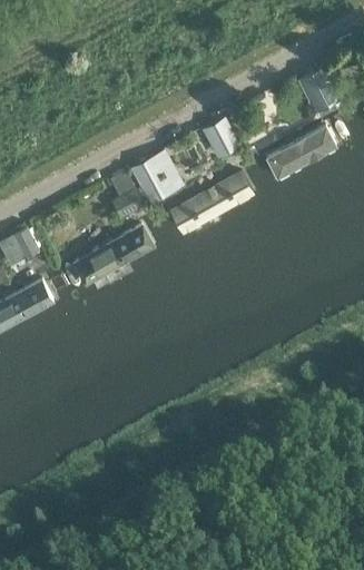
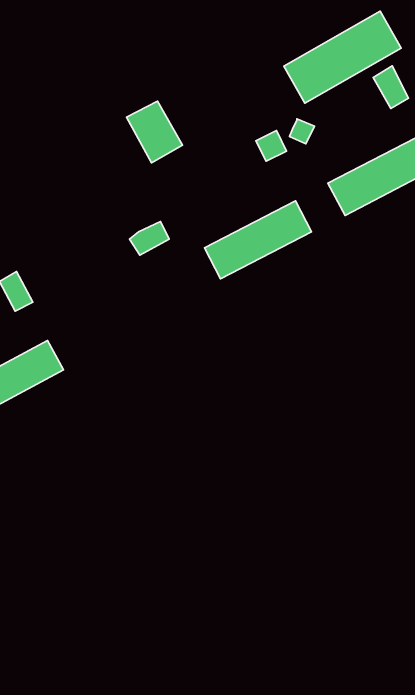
building: none -> [284,11,401,103]
building: [129,154,171,200] -> [127,101,182,163]
building: [70,224,155,284] -> none

